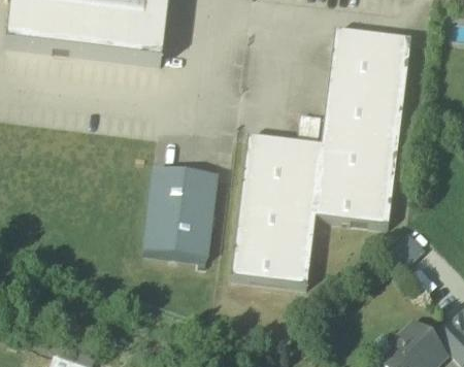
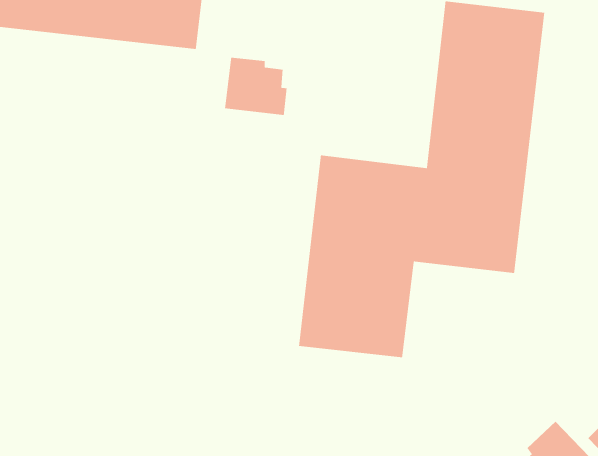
building: none -> [224,57,287,116]
building: [144,167,218,259] -> none

